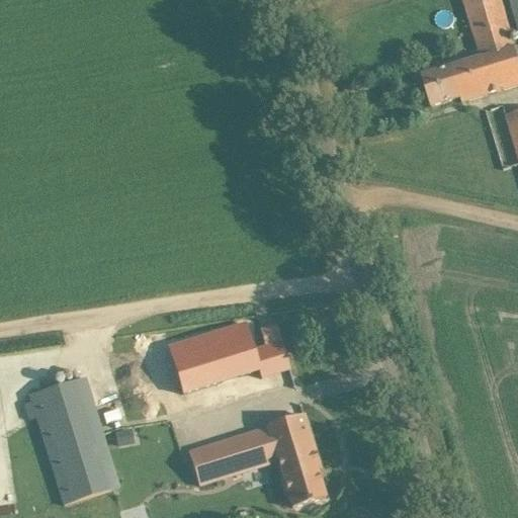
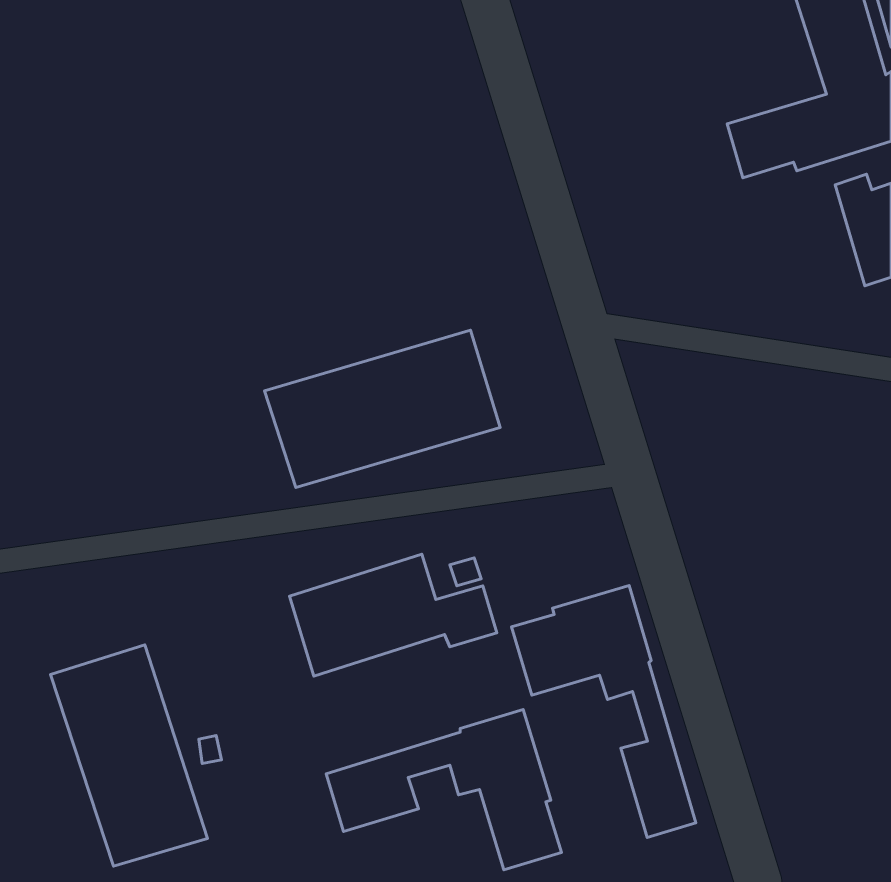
building: none -> [265,330,500,487]
building: none -> [511,586,696,837]

